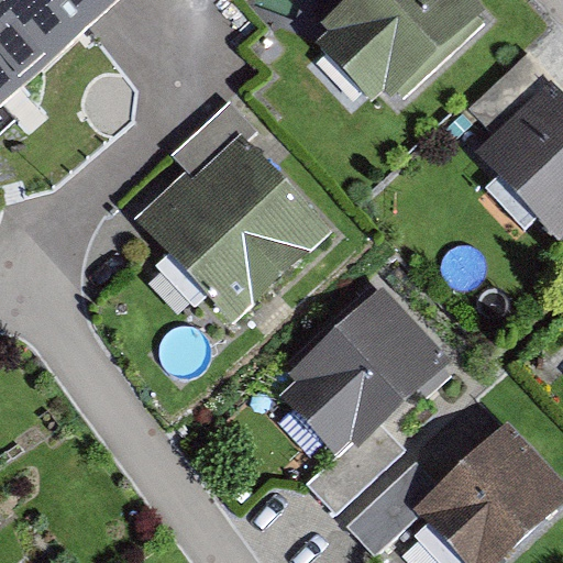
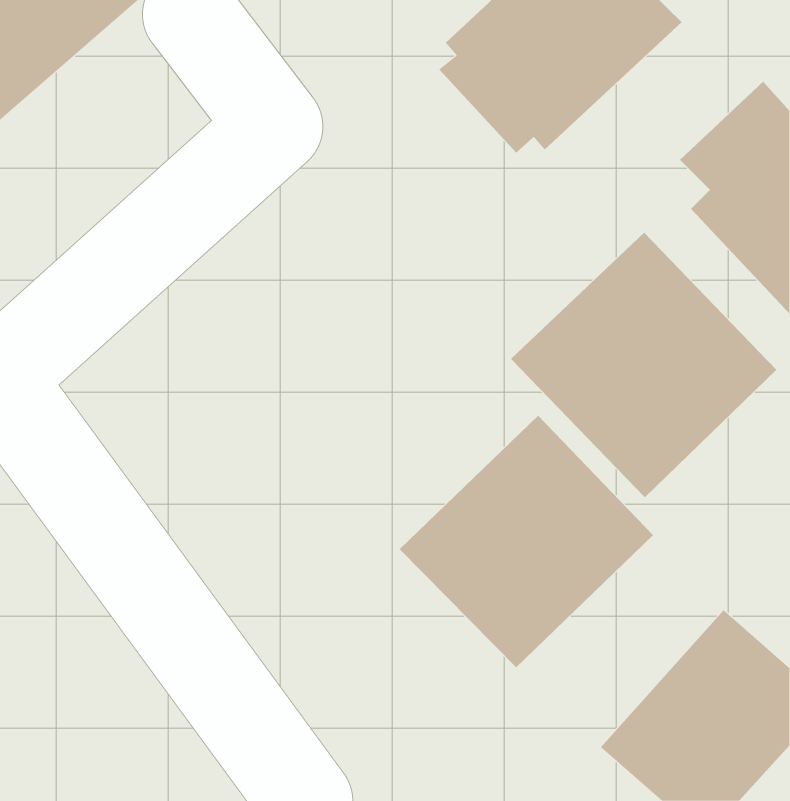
building: [137,102,343,324] -> none
building: none -> [510,232,777,498]

